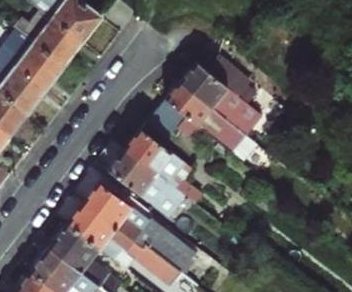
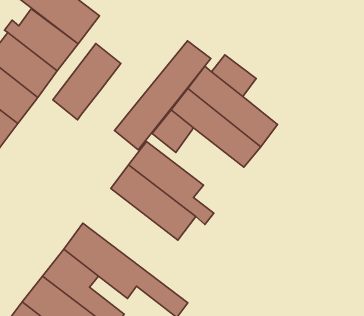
building: none -> [115,41,211,150]
building: none -> [53,44,121,120]
building: [85,184,195,273] -> none

